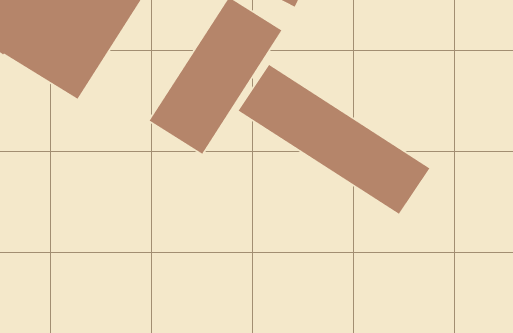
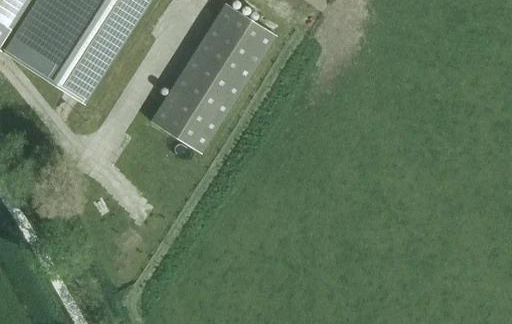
building: [238,64,430,215] -> none

